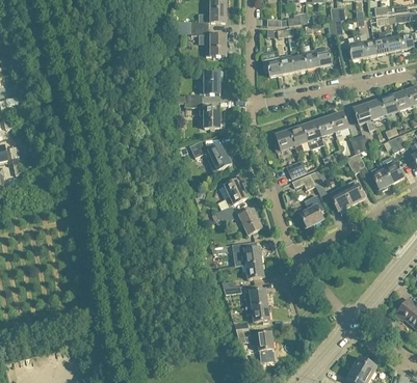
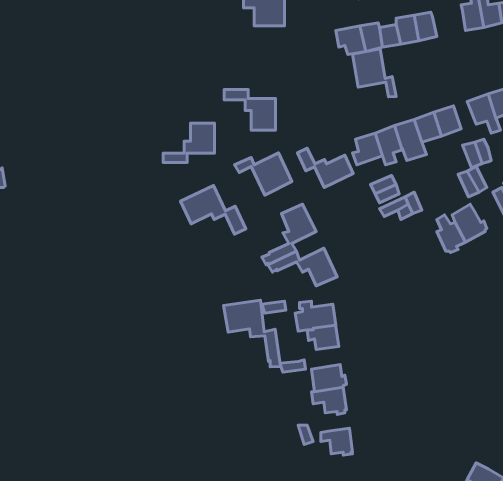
building: none -> [353,49,396,97]
building: [184,73,219,100] -> [163,123,214,162]
building: none -> [297,148,353,187]
building: none -> [180,185,246,234]
building: [298,193,323,227] -> none
building: none -> [223,300,280,367]

